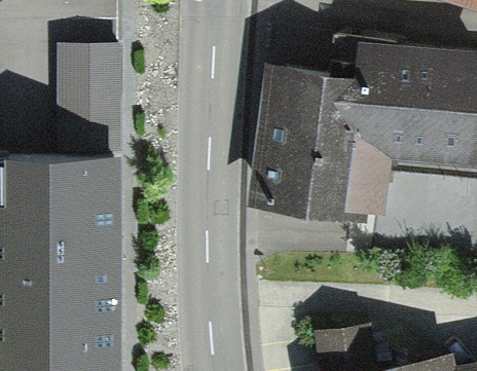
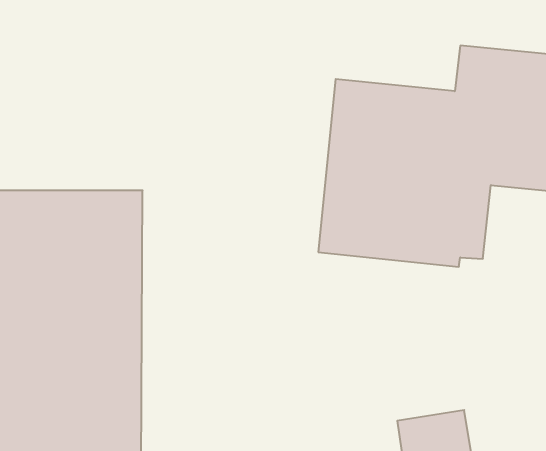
building: [57,42,123,150] -> none

